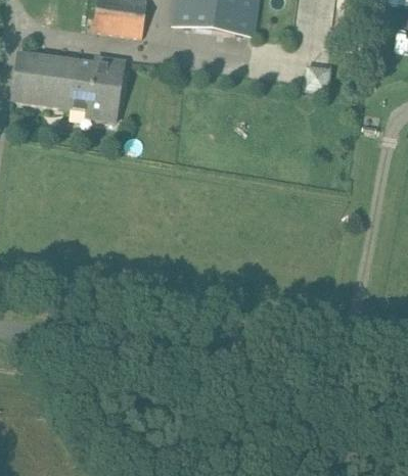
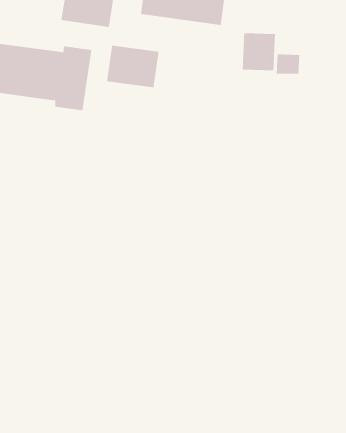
building: none -> [242,32,275,71]
building: none -> [106,45,159,88]

